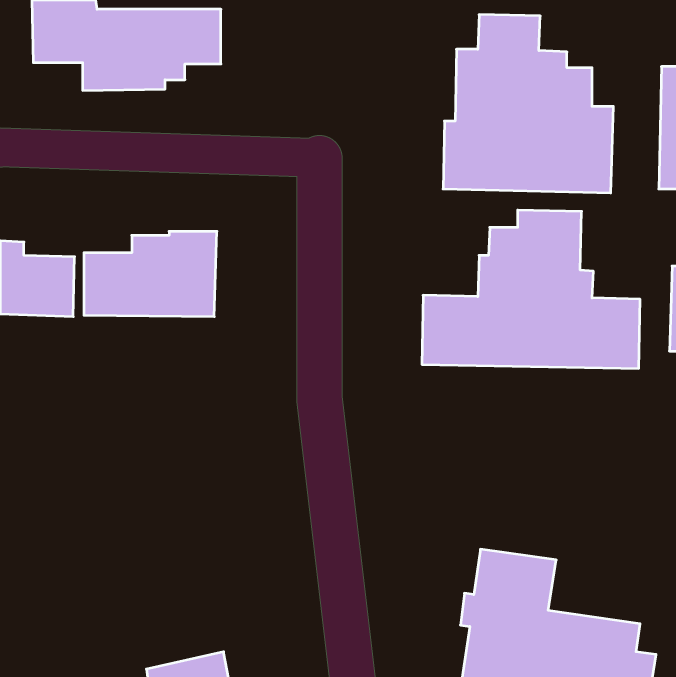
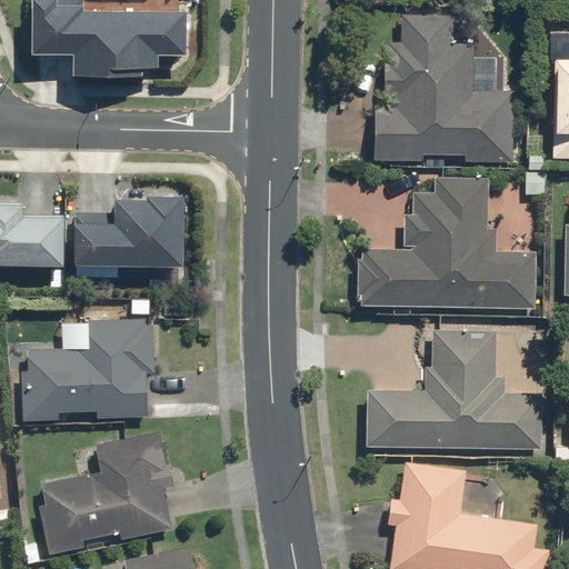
building: none -> [19,319,157,421]
building: none -> [365,330,543,451]
building: none -> [33,431,174,556]

